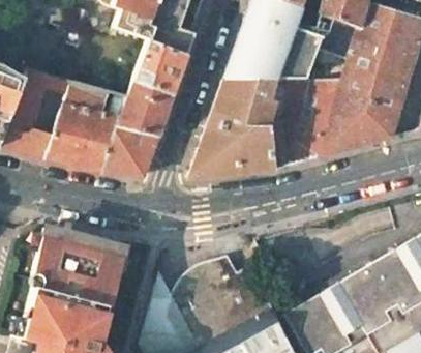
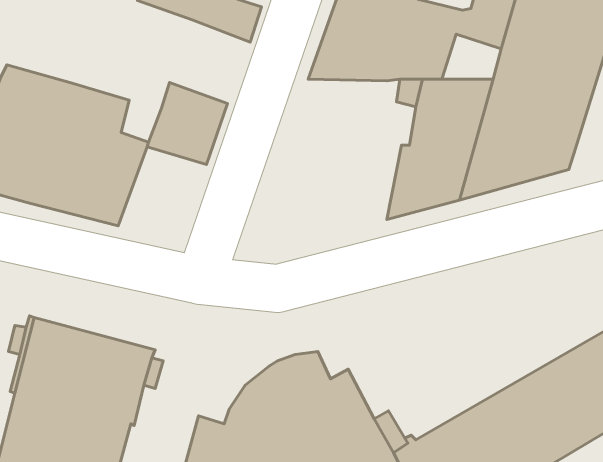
building: [137,40,188,94] -> none
building: [191,79,285,178] -> none
building: [103,122,160,176] -> none

